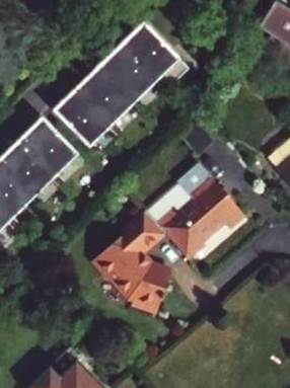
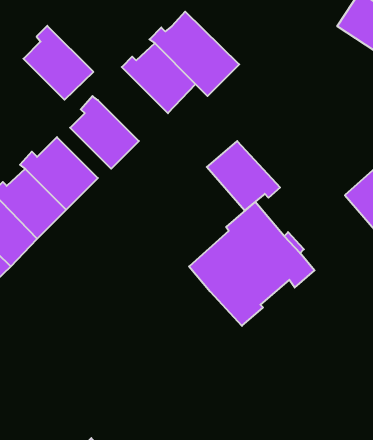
building: [78,62,132,119] -> [23,26,93,100]
building: none -> [207,141,280,211]
building: [94,212,170,316] -> none

